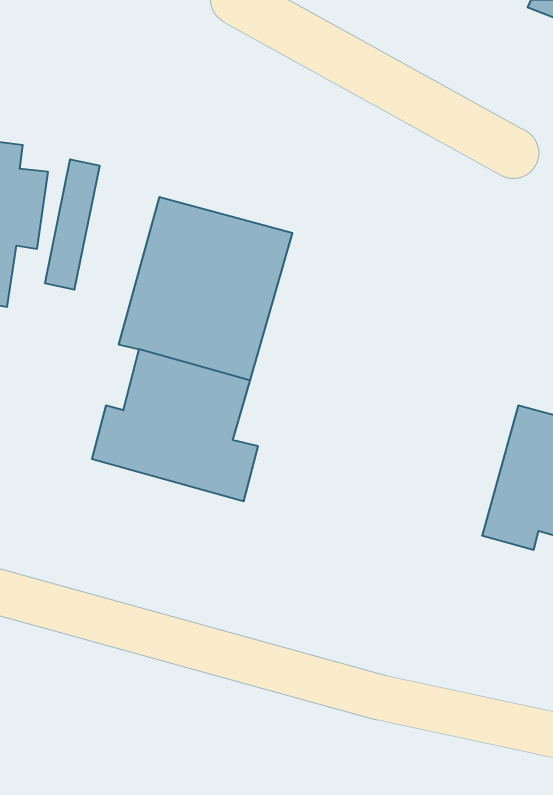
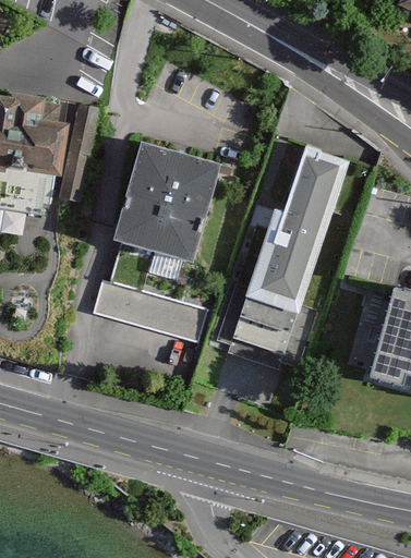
building: none -> [237,147,351,357]

